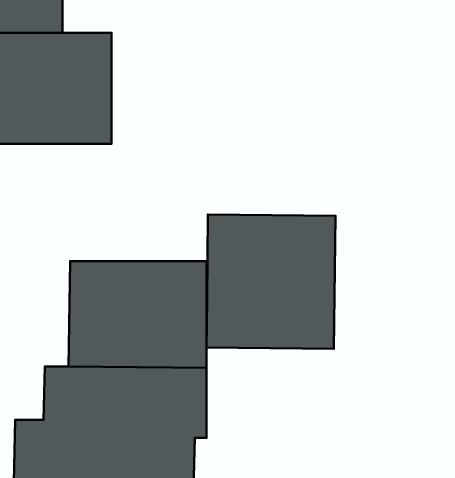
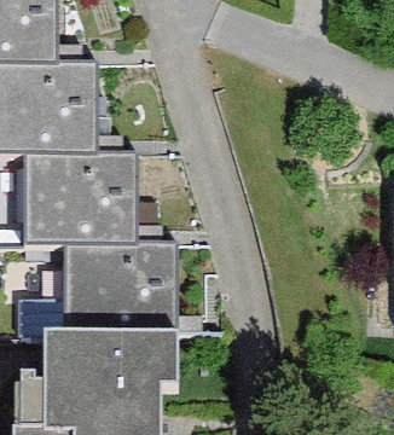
building: none -> [30,152,133,249]
building: [207,215,335,349] -> none

